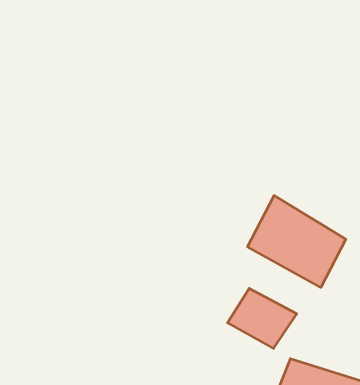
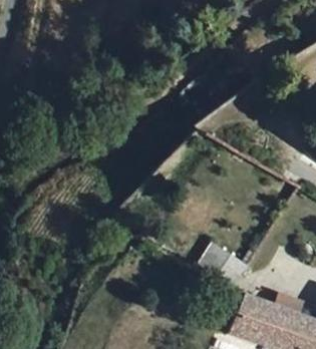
building: [248,196,346,287] -> none

